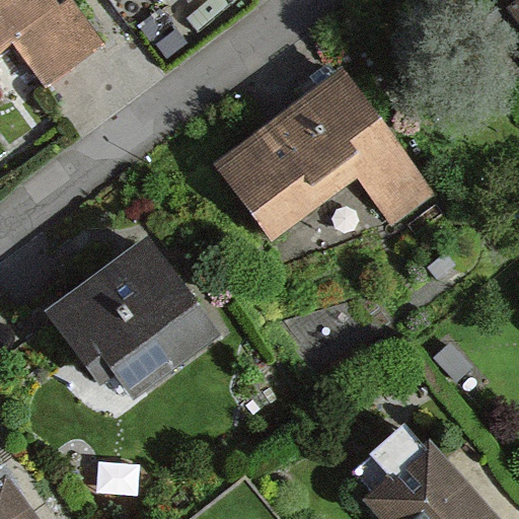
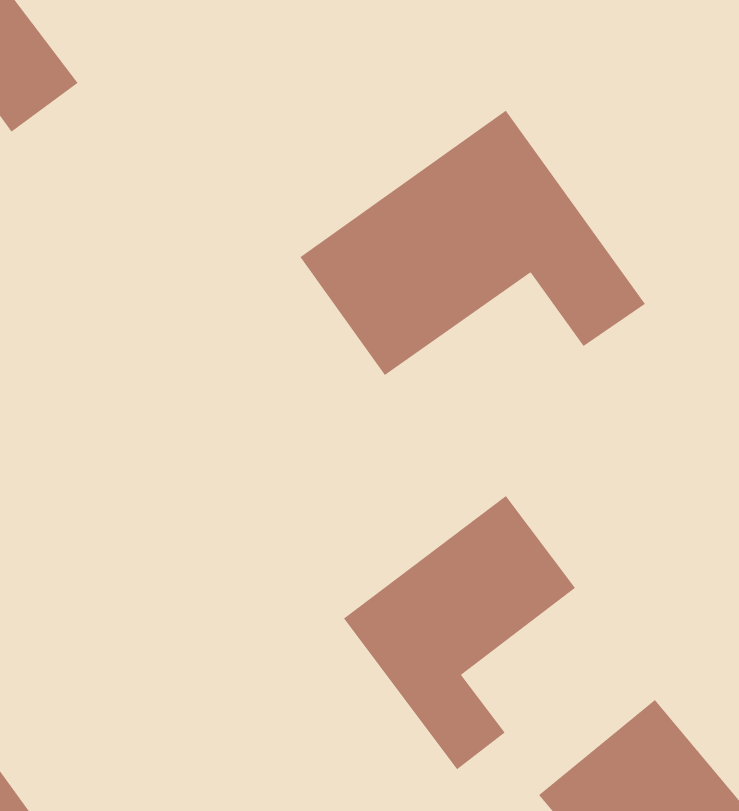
building: [52,238,223,396] -> none
building: none -> [343,495,576,770]

